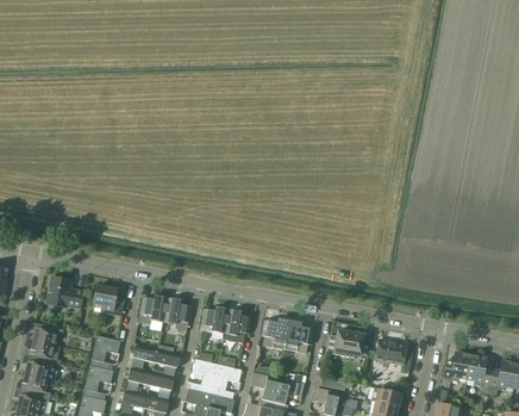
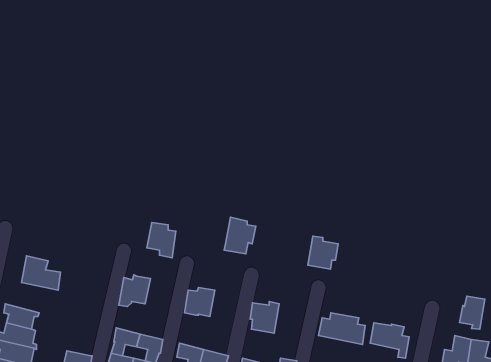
building: [93,286,123,317] -> none
building: [163,298,190,331] -> [147,222,176,258]
building: [223,309,252,343] -> [224,217,256,254]
building: none -> [460,296,485,329]
building: [284,322,313,353] -> [308,236,338,269]
building: [89,336,120,371] -> none

